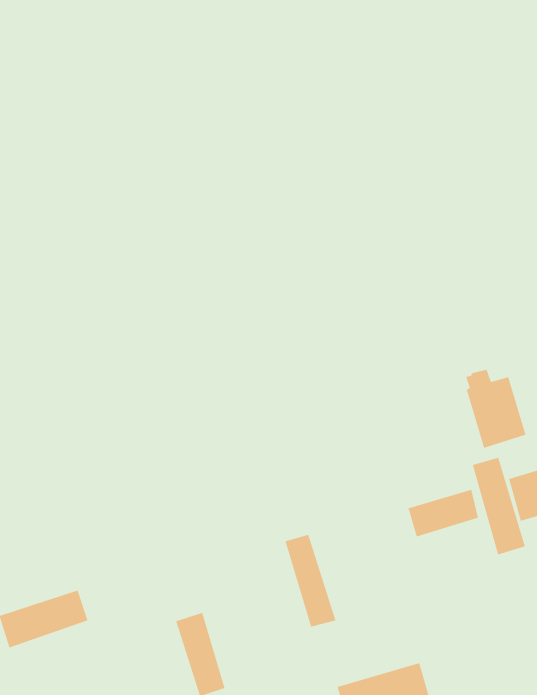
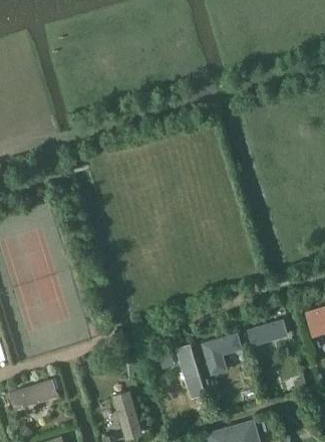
building: [465,369,526,449] -> none
building: [472,457,526,555] -> none
building: none -> [201,332,243,376]

